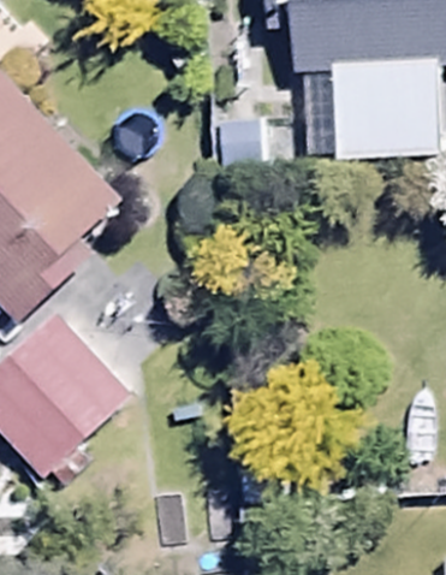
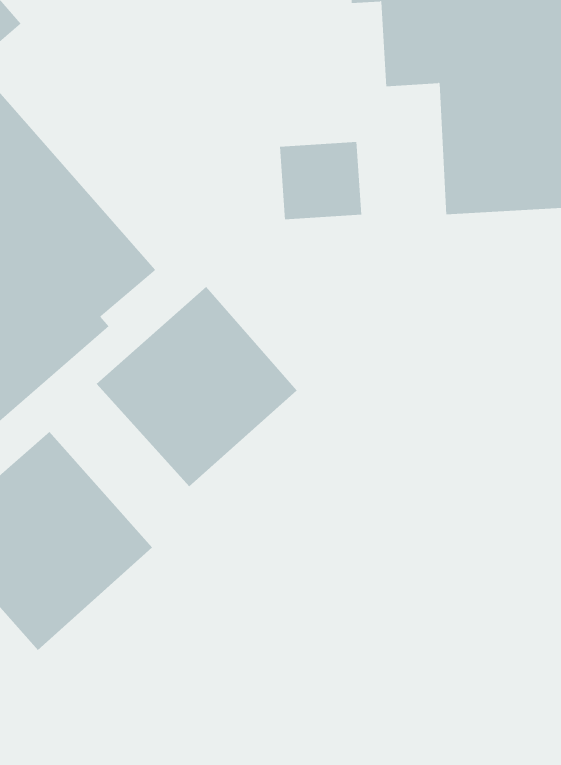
building: none -> [96,286,297,487]

